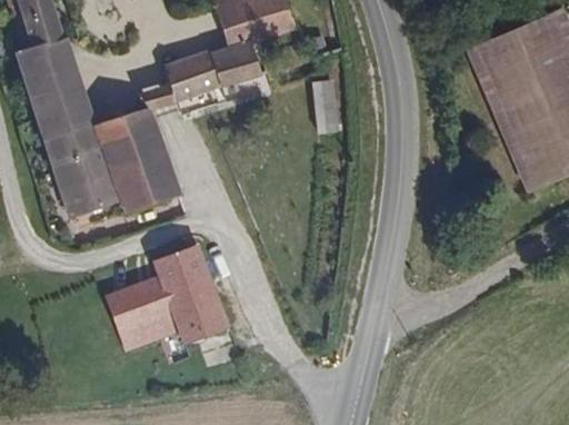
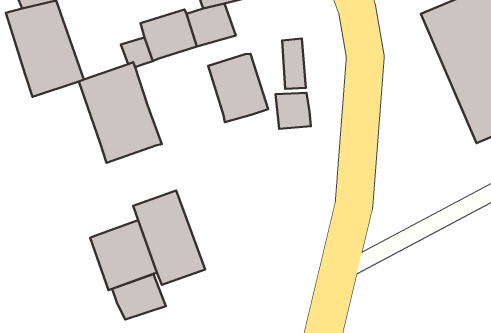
building: none -> [208,54,268,122]
building: [43,127,117,211] -> none
building: none -> [276,93,311,129]
building: none -> [112,274,166,319]

